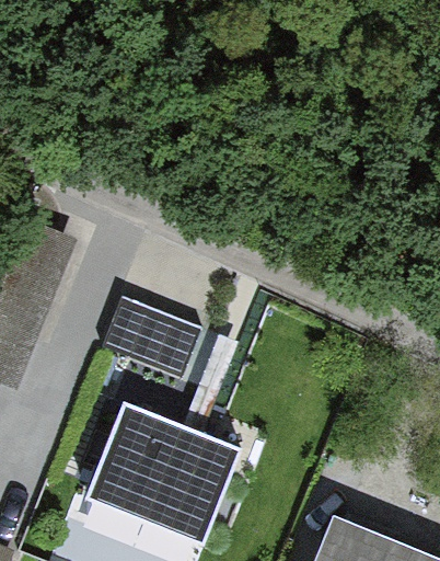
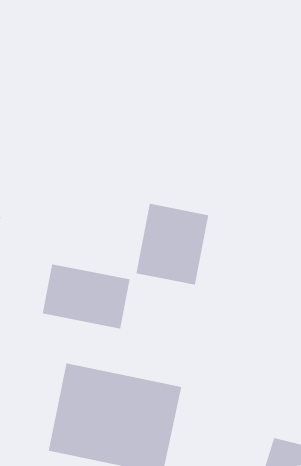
building: none -> [135,203,209,286]

